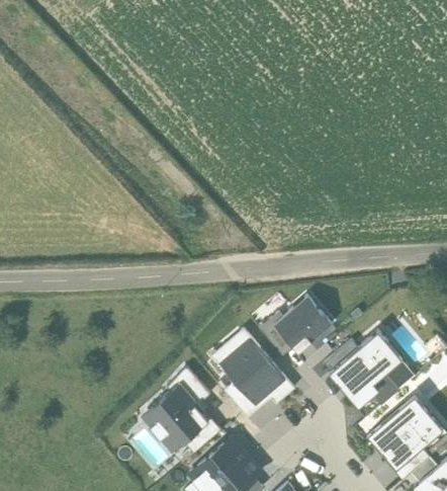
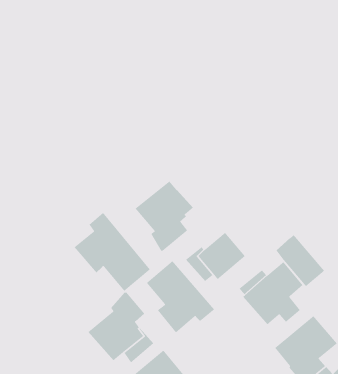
building: none -> [134,180,194,251]
building: none -> [73,212,151,292]
building: none -> [275,234,325,287]

